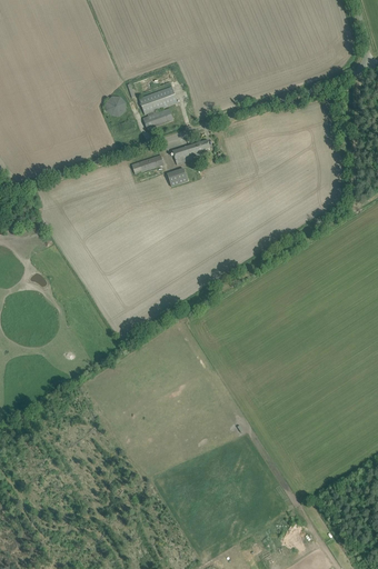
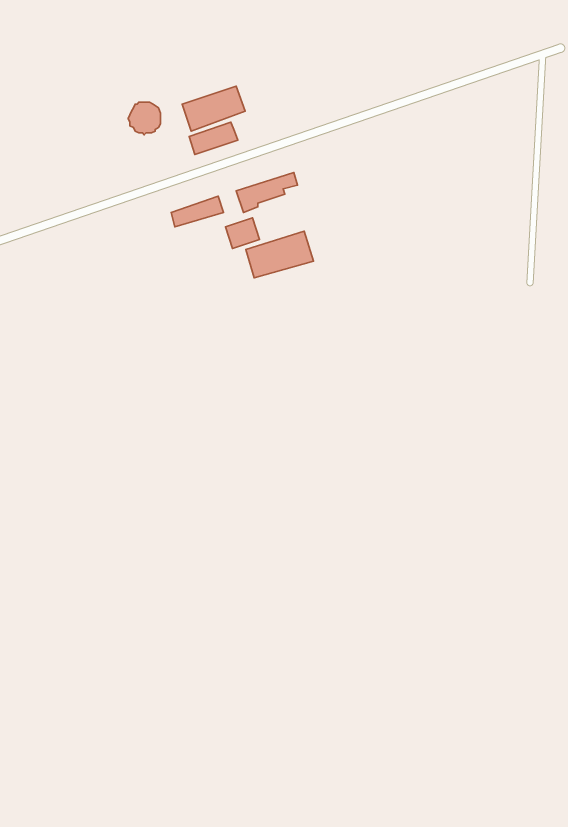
building: none -> [246,231,313,278]

